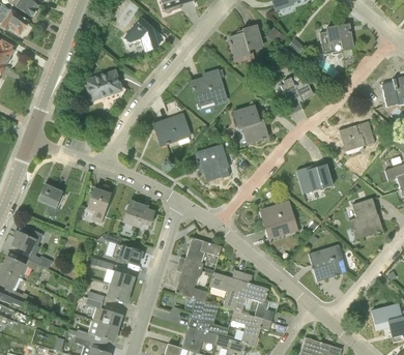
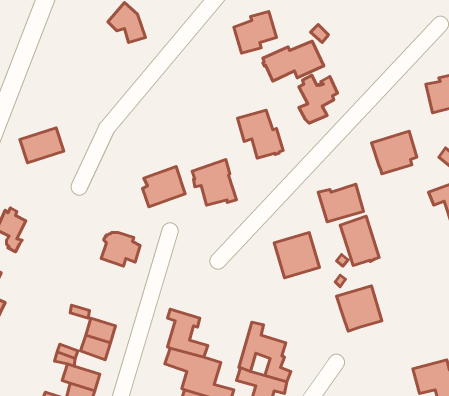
building: [319,23,353,51] -> none
building: none -> [263,41,324,81]
building: [191,69,227,105] -> none
building: [85,71,120,99] -> [20,128,64,163]
building: [155,114,190,146] -> [142,166,185,207]
building: [87,188,110,223] -> none
building: [351,198,382,237] -> [340,216,379,265]
building: [105,234,141,265] -> none
building: [177,237,221,270] -> none
building: [208,270,242,309] -> none

